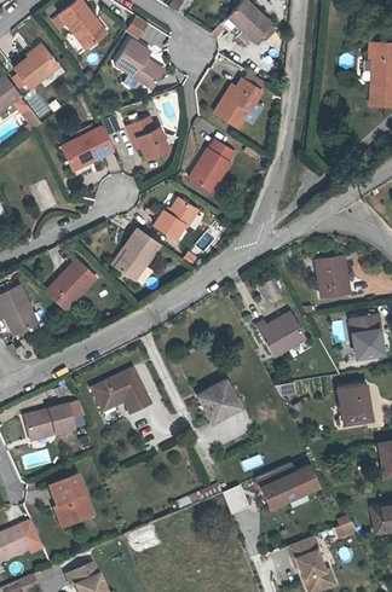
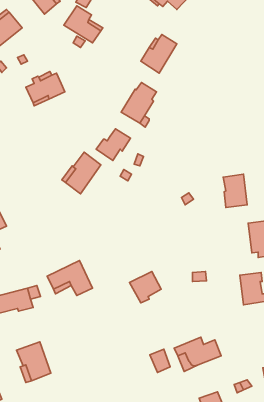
building: [128,115,169,156] -> none
building: [45,261,96,313] -> none
building: [259,315,310,359] -> none

